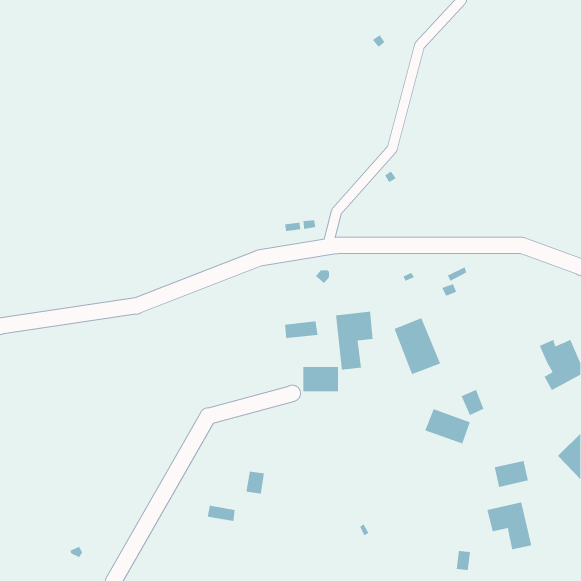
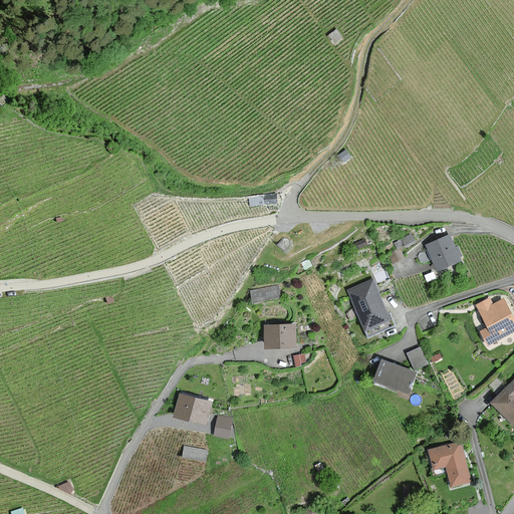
building: none -> [426,237,458,270]
building: [335,311,373,371] -> none
building: none -> [178,393,214,423]
building: [494,460,529,488] -> none

